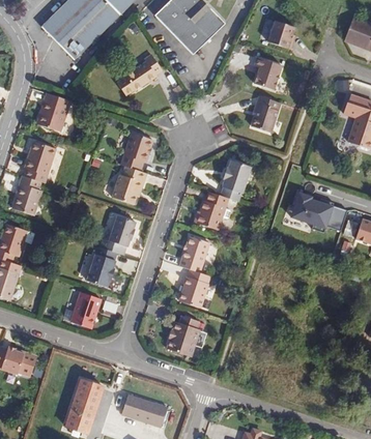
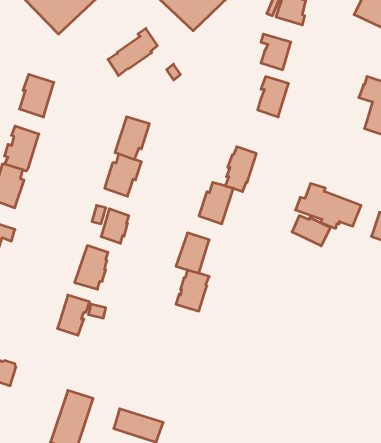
building: none -> [292,216,331,246]
building: [168,315,200,355] -> none

